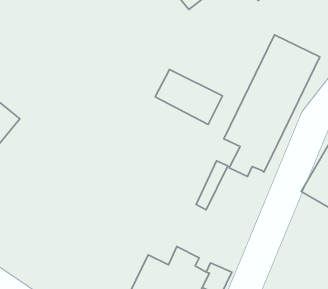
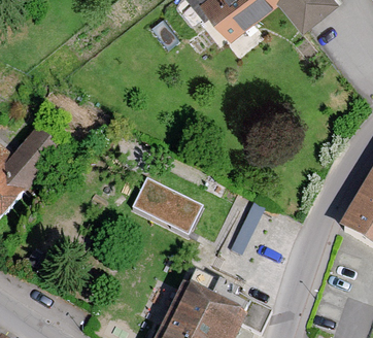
building: [224,35,320,176] -> none
building: [155,69,222,125] -> [134,174,202,230]

